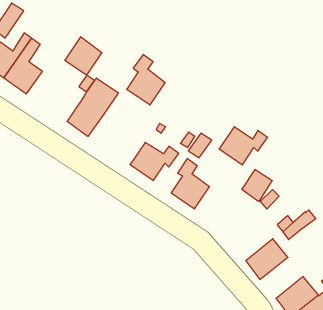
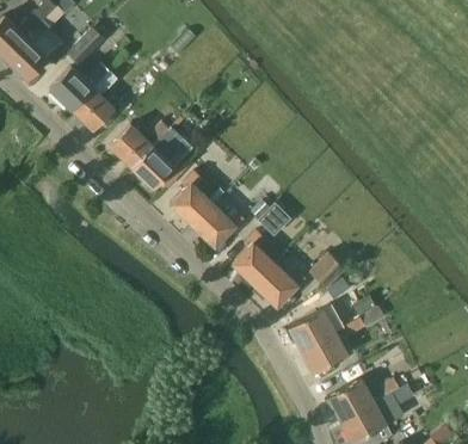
building: [65,37,102,75] -> [111,125,153,168]
building: [127,55,165,105] -> [171,171,214,227]
building: [219,127,268,165] -> [255,265,310,308]
building: none -> [289,310,335,352]

